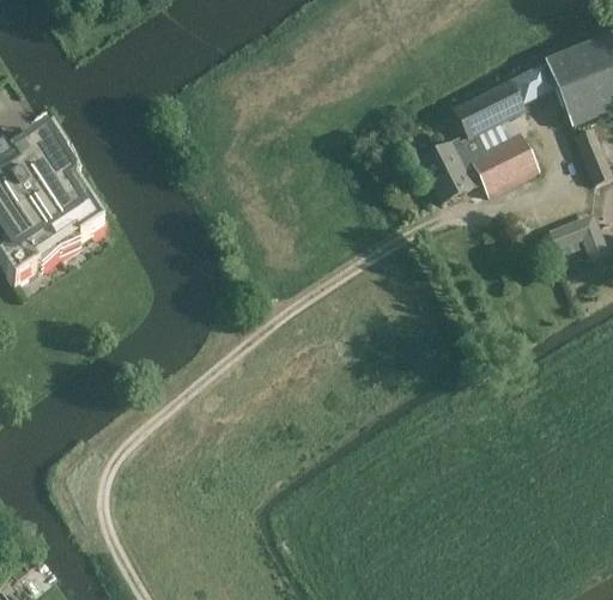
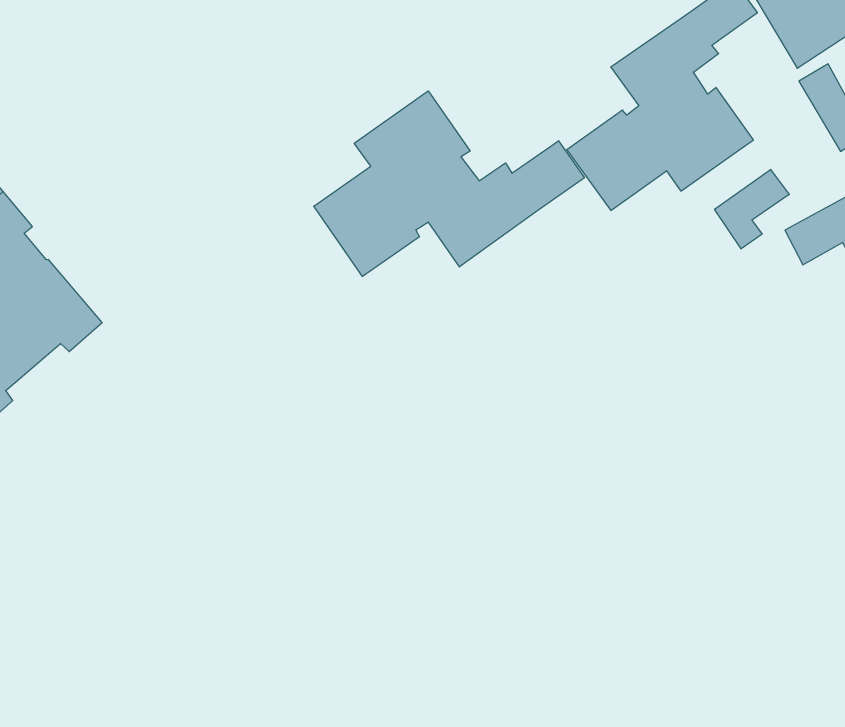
building: none -> [314,91,584,277]
building: none -> [715,169,789,249]

